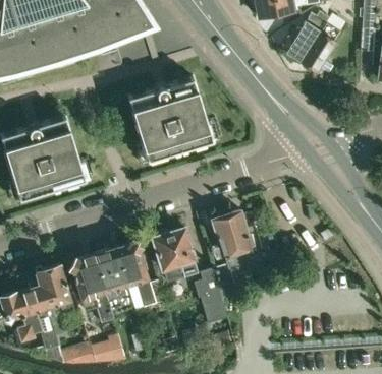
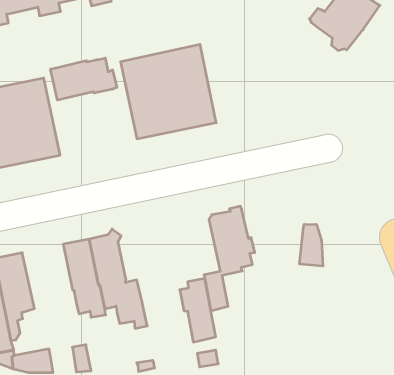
building: none -> [51,58,117,100]
building: none -> [300,224,323,266]
building: [153,227,197,280] -> none
building: [70,252,113,321] -> none

